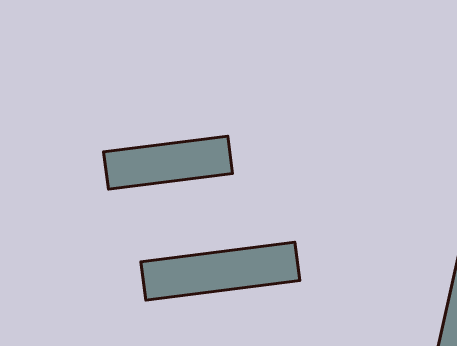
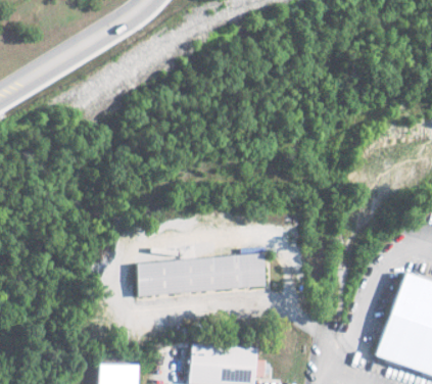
building: [104,136,233,189] -> none

